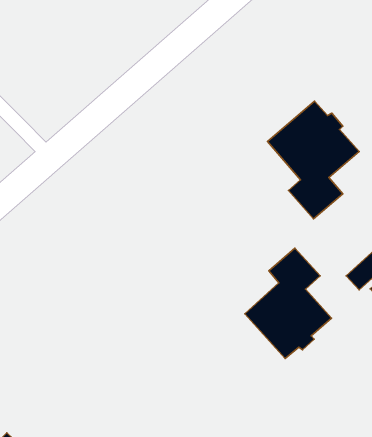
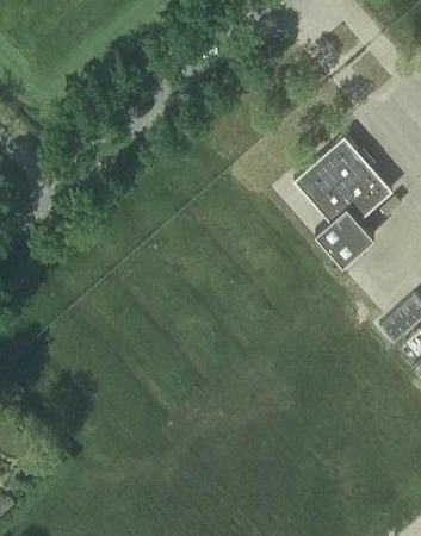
building: [245,248,332,359] -> none

